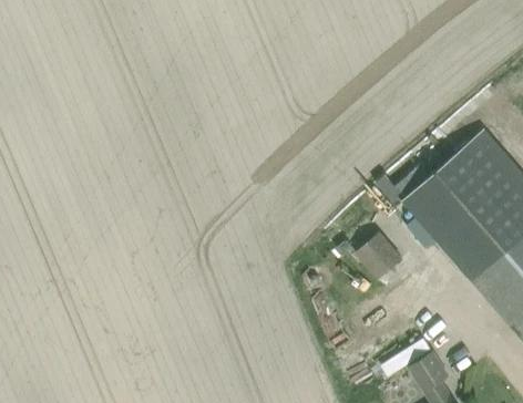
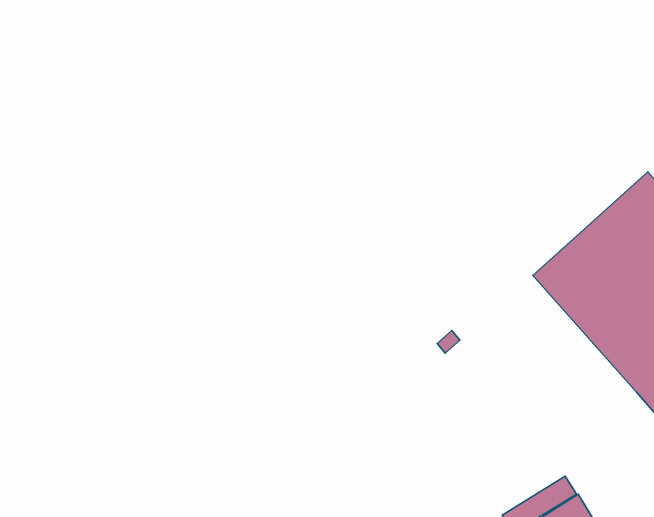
building: [355,231,403,281] -> none

